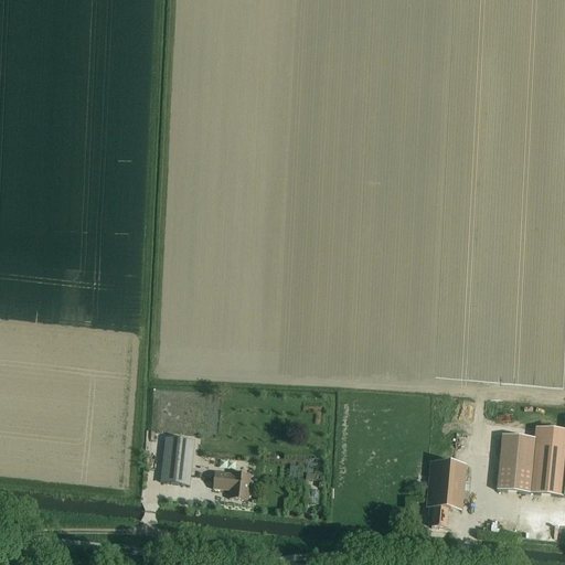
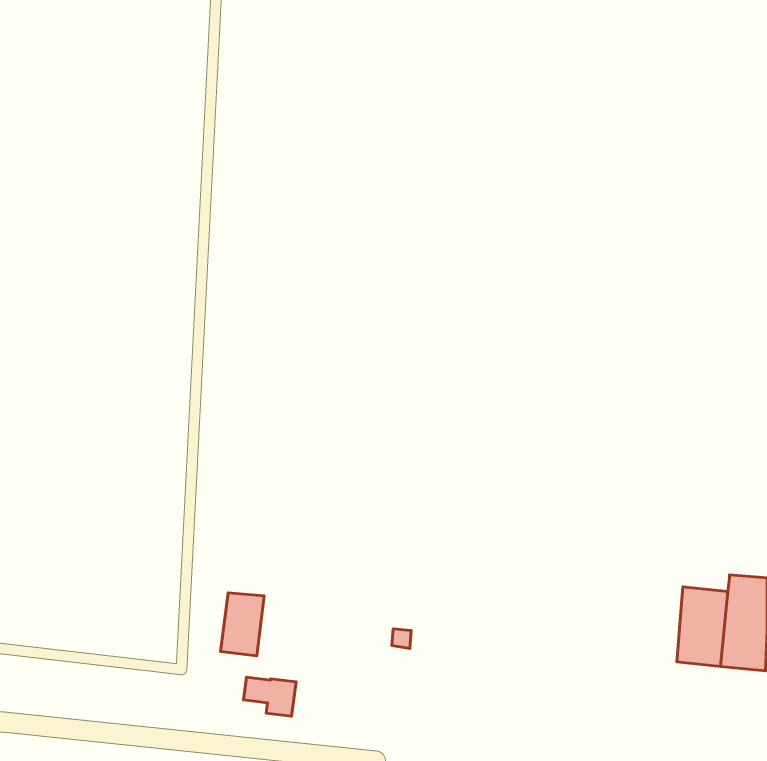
building: [427,460,470,525] -> none
building: [213,469,252,498] -> [244,677,296,716]

